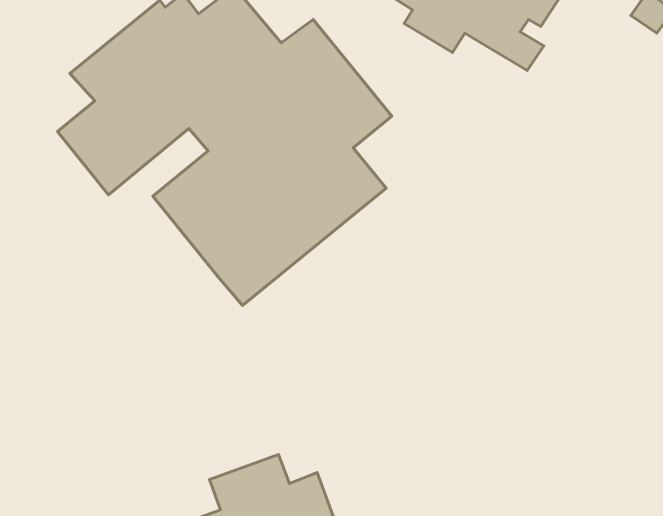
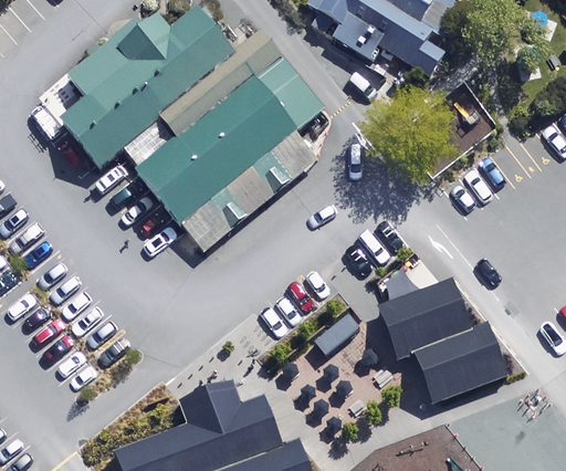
building: none -> [377,278,507,404]

